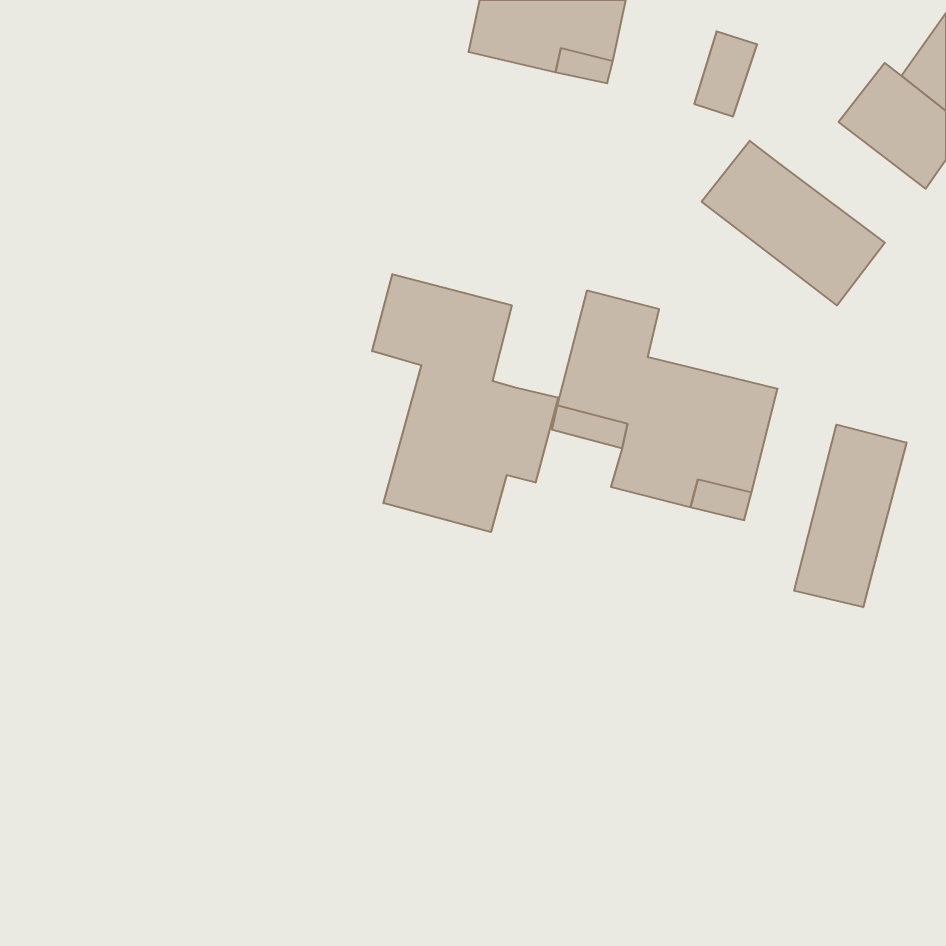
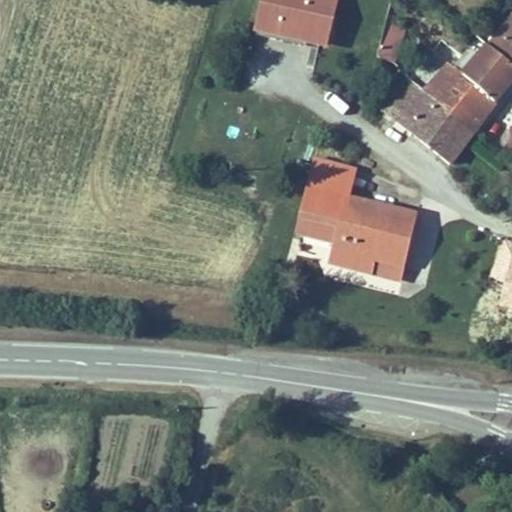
building: none -> [422,60,500,131]
building: [372,274,558,532] -> none
building: [794,425,906,607] -> none

